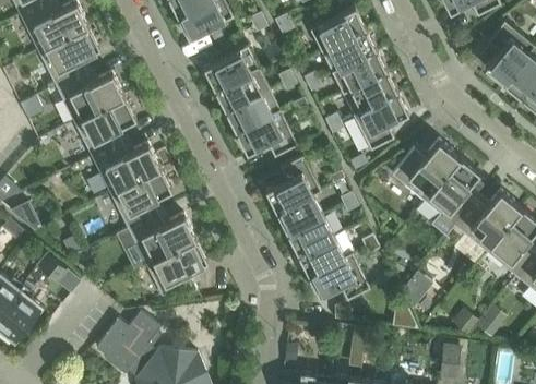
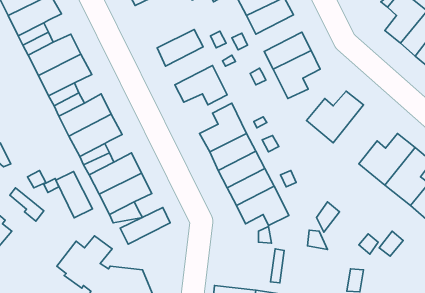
building: [204,46,259,89] -> none
building: [332,50,386,94] -> none
building: [225,88,281,133] -> none
building: [424,157,479,237] -> none
building: none -> [56,172,93,218]
building: none -> [120,207,170,244]

